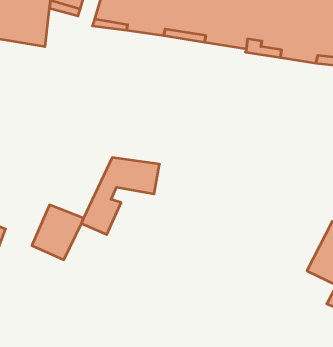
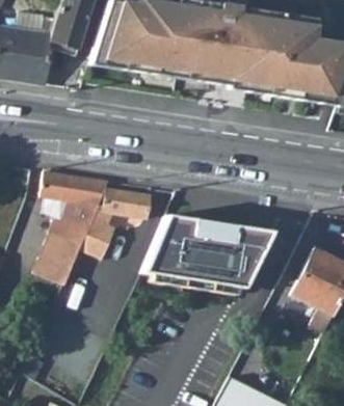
building: none -> [43,171,111,246]
building: none -> [142,215,273,289]

